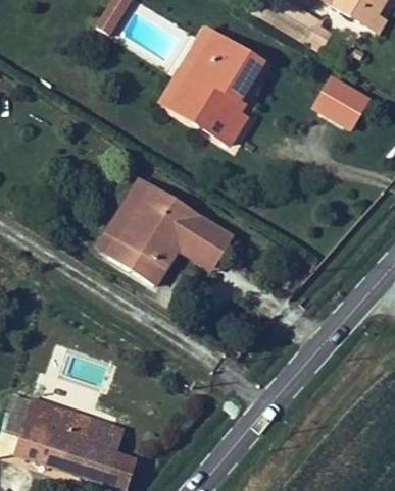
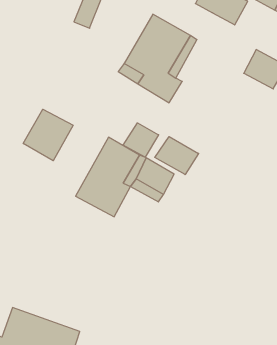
building: none -> [23,109,73,161]
building: none -> [123,123,159,157]
building: none -> [155,137,199,175]

